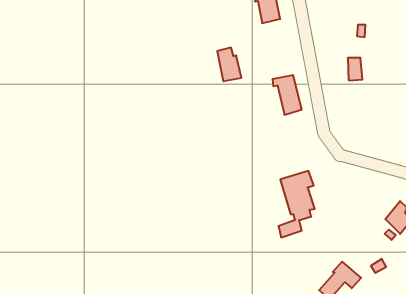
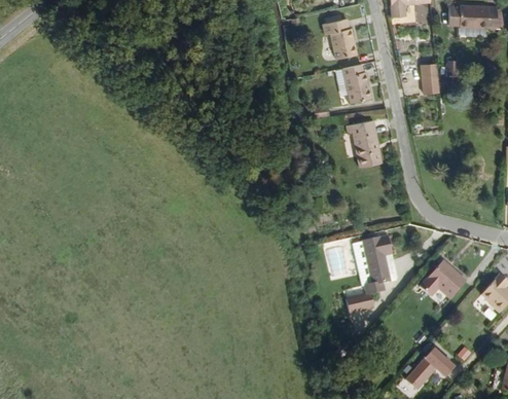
building: [217,48,241,81] -> [343,64,372,104]
building: [348,58,362,80] -> [423,66,440,93]
building: none -> [424,261,467,297]

